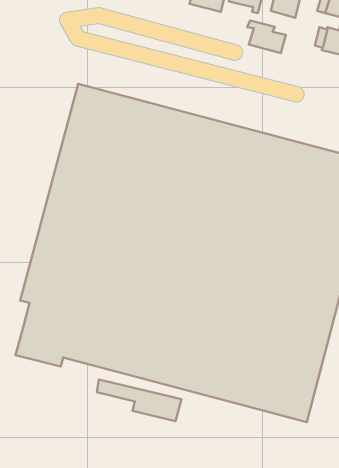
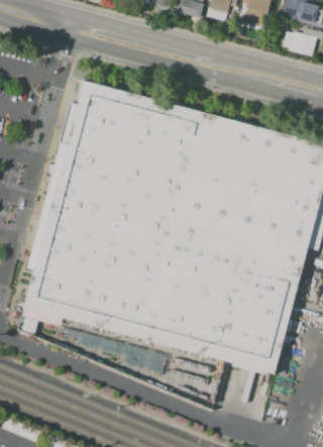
building: [247,20,286,53] -> none

